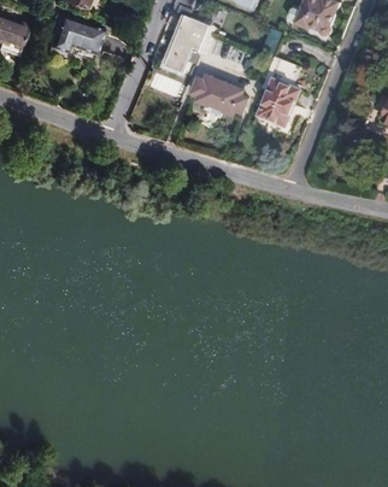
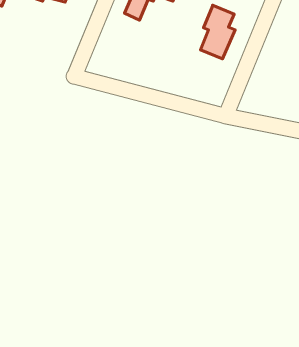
building: [193,76,247,118] -> none

